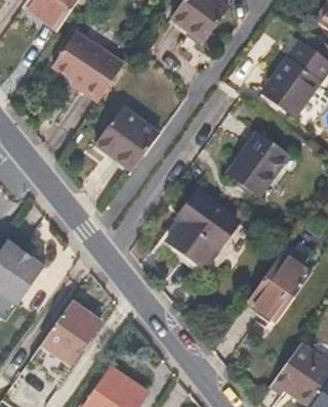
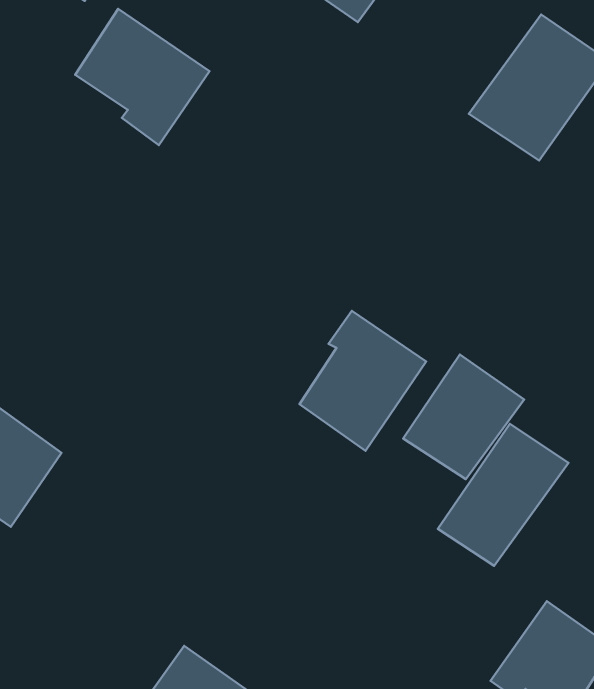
building: [94,107,157,165] -> none
building: [227,130,290,195] -> [403,355,524,479]
building: [42,303,100,364] -> none

